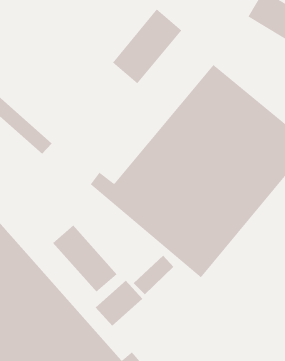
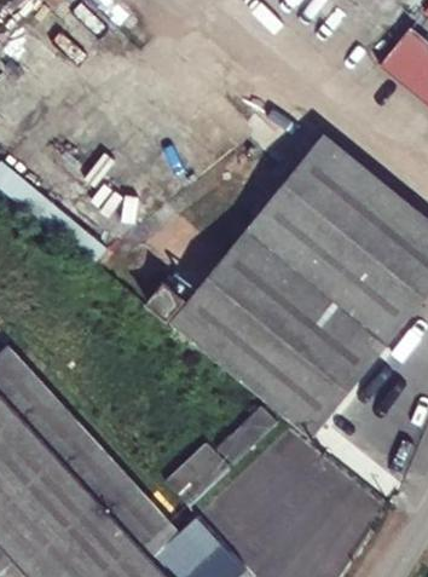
building: [112,9,182,84] -> none
building: [52,225,117,293] -> none

